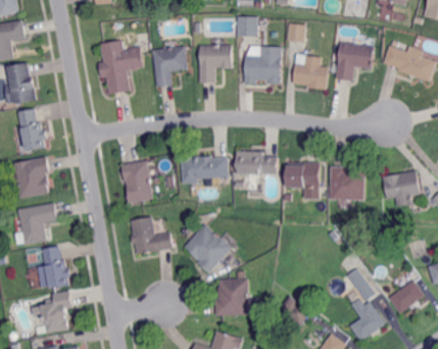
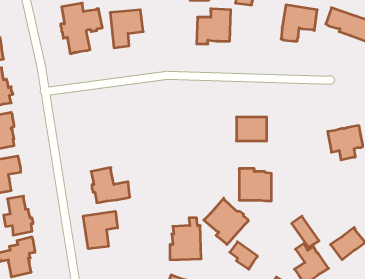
building: [198,46,231,83] -> none
building: [291,55,329,90] -> none
building: [236,151,276,174] -> none
building: [181,155,229,184] -> none
building: [121,160,154,203] -> none
building: [330,166,364,201] -> [239,169,271,201]
building: [184,223,232,273] -> [204,198,248,245]
building: none -> [83,211,118,249]

